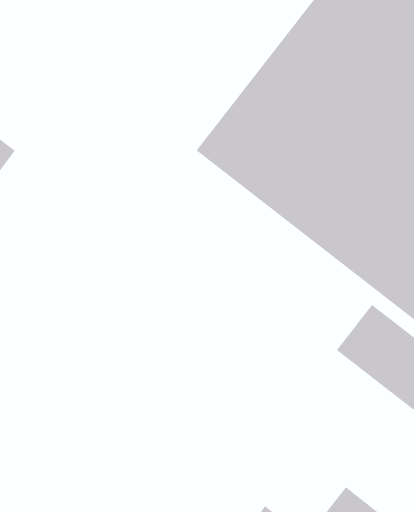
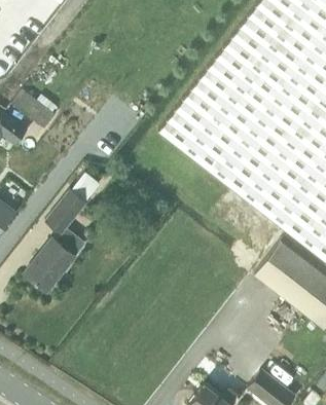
building: none -> [46,173,101,233]
building: none -> [26,237,77,292]

